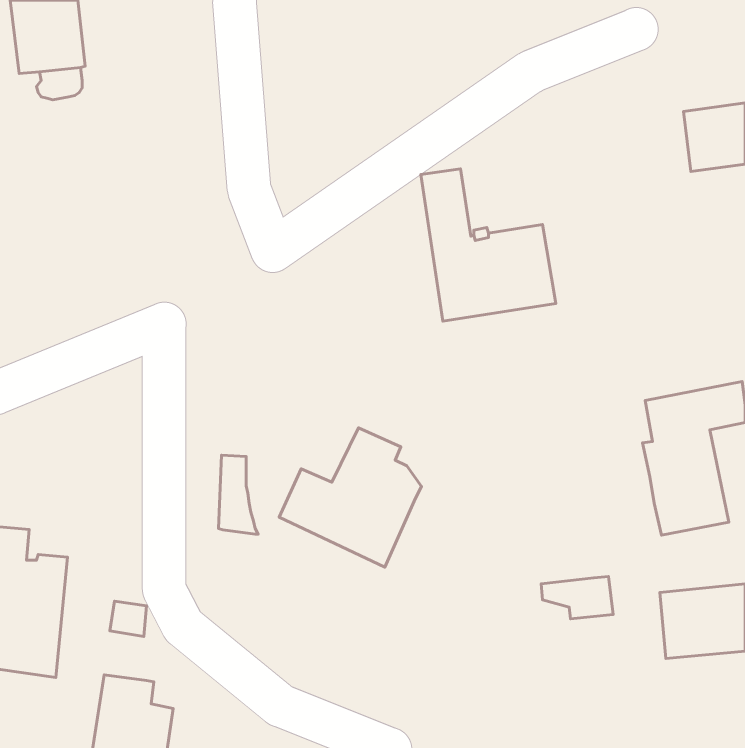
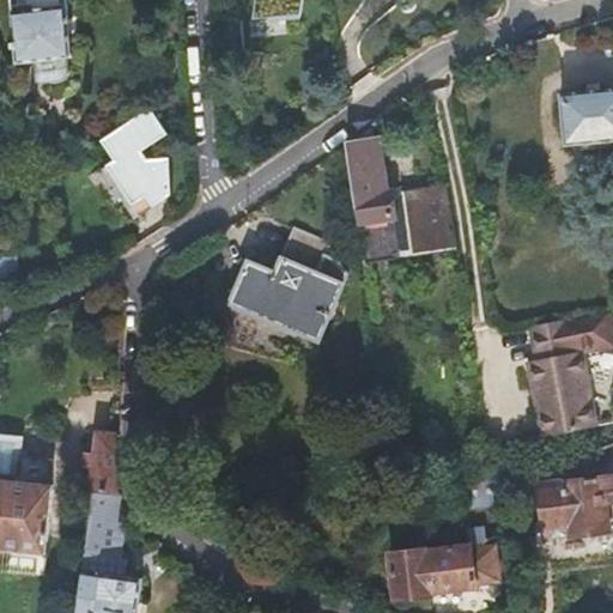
building: none -> [98,111,169,220]
building: [279,428,421,567] -> [232,225,348,339]
building: [218,455,258,534] -> [90,431,122,496]
building: none -> [85,516,123,557]
building: none -> [390,541,497,595]

